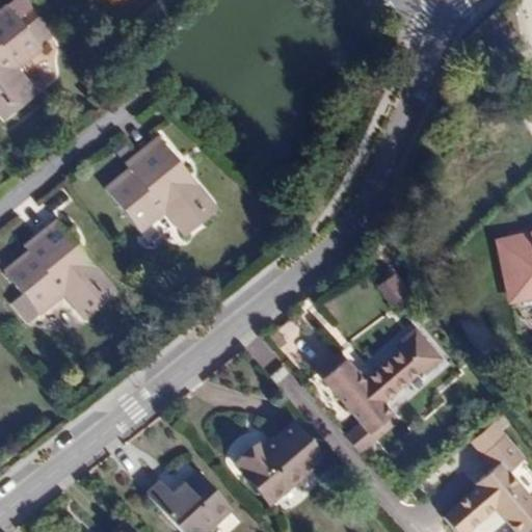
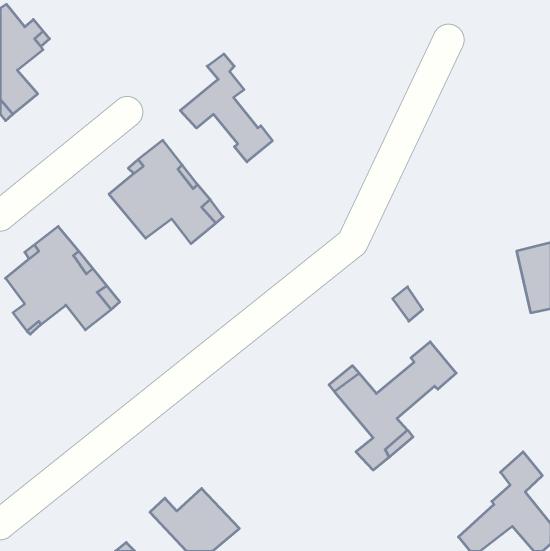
building: none -> [180,54,272,162]
building: [234,424,322,504] -> none

